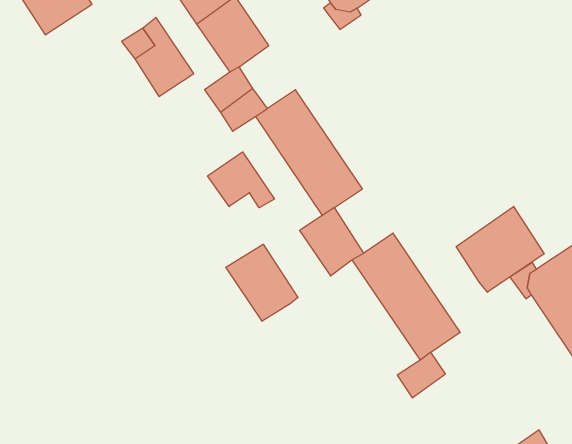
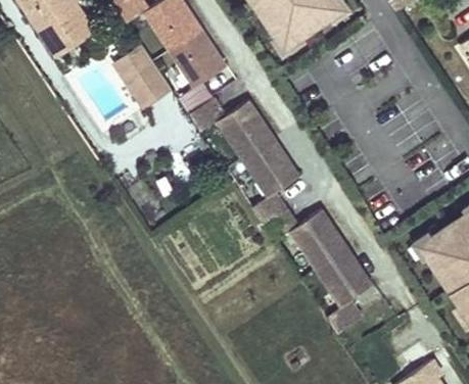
building: [208,152,274,208] -> none
building: [456,206,544,292] -> none
building: [226,244,298,321] -> none

